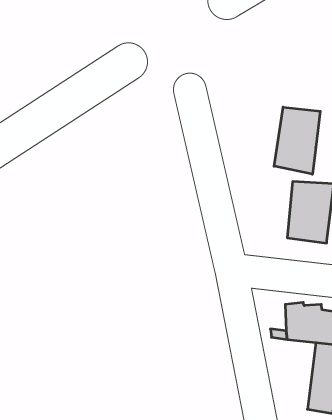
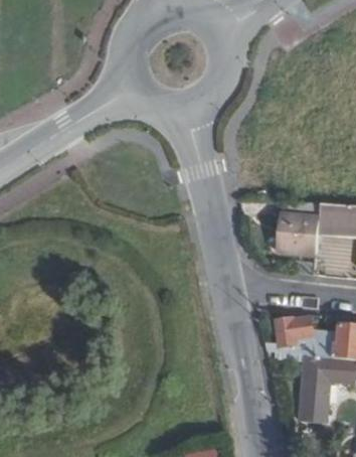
building: [274,107,320,174] -> none

